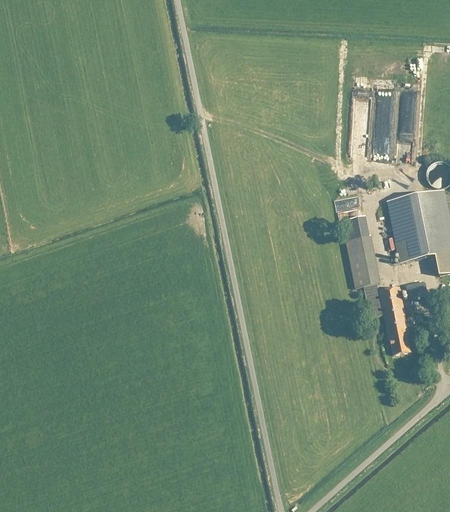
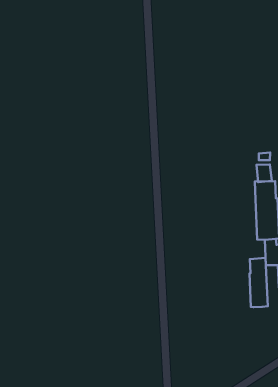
building: none -> [249,258,268,307]

